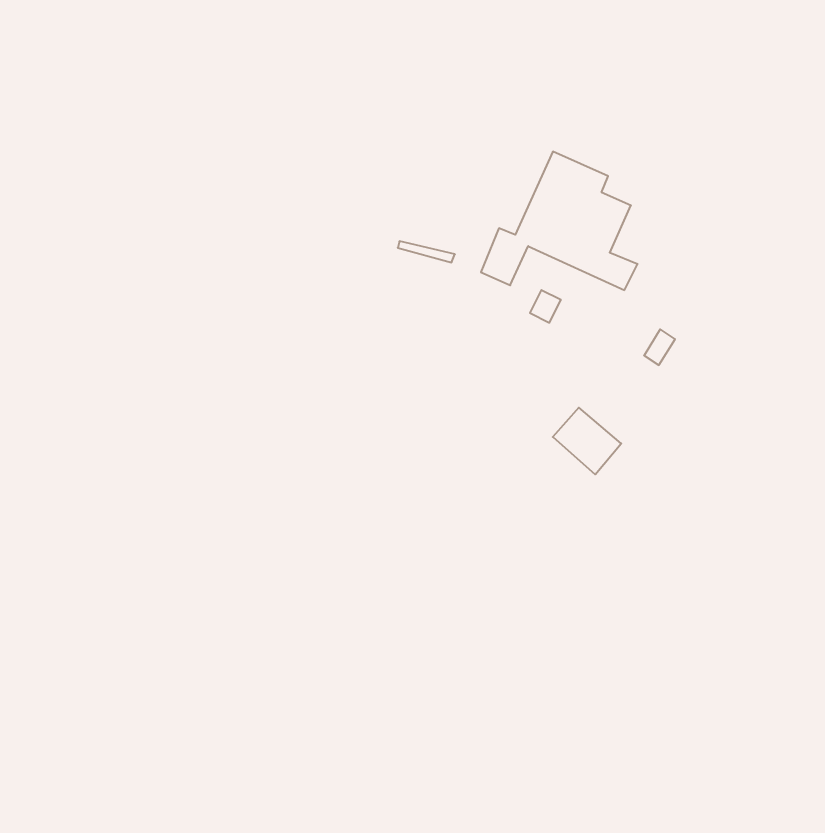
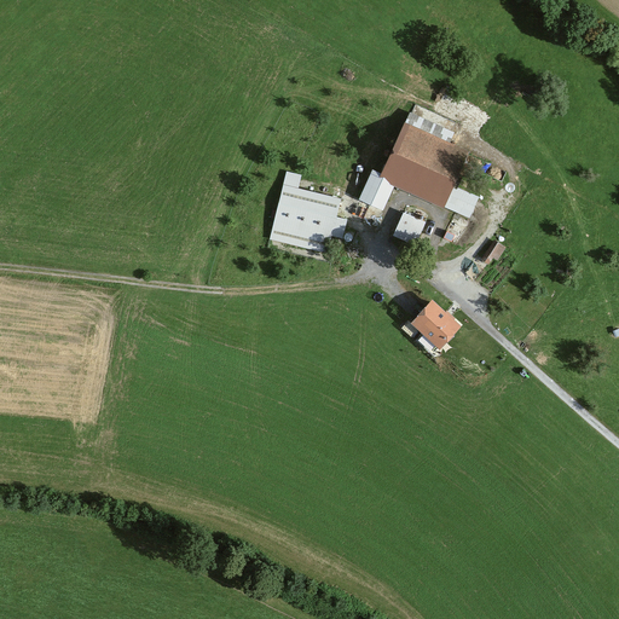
building: none -> [271,189,336,248]

